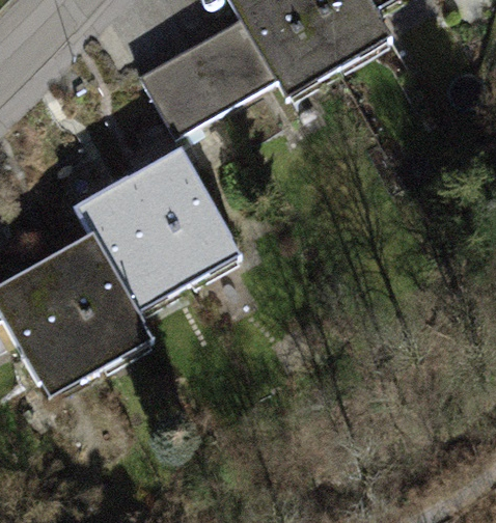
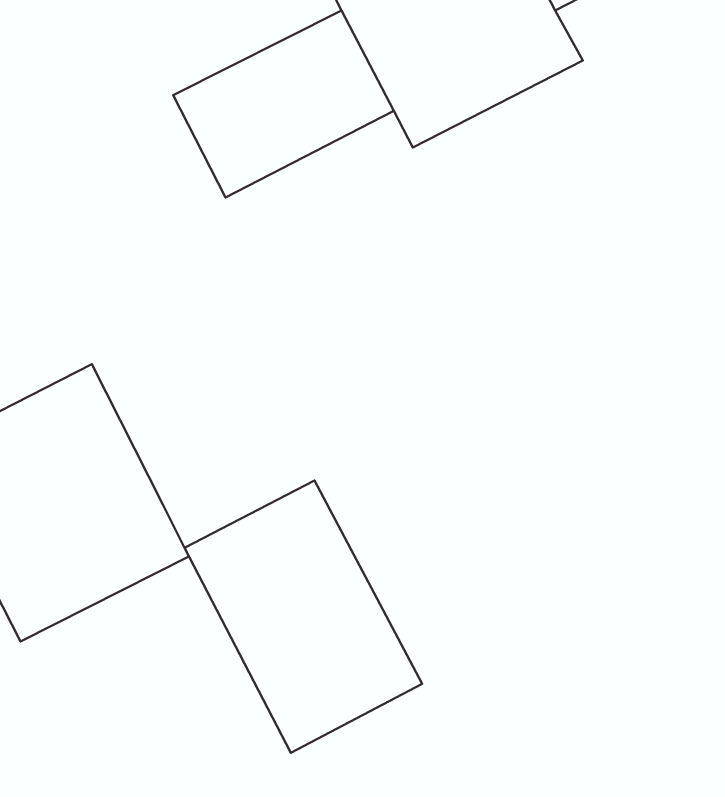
building: [76,150,237,316] -> none
building: none -> [184,481,422,753]

